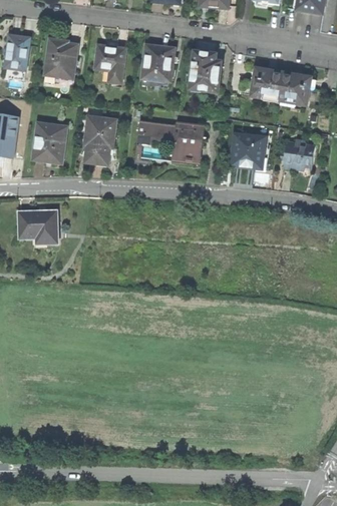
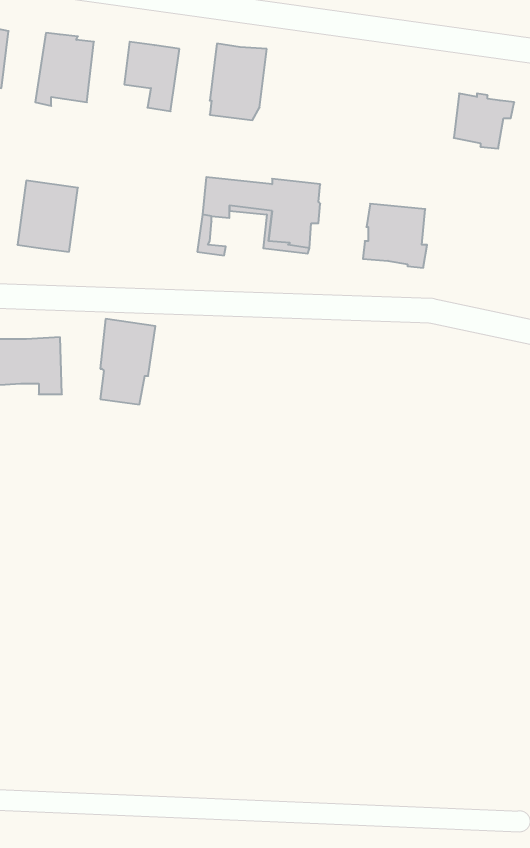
building: [191,51,222,91] -> none
building: [251,67,283,97] -> none
building: [86,114,117,162] -> [100,319,155,404]
building: [279,139,314,169] -> none

